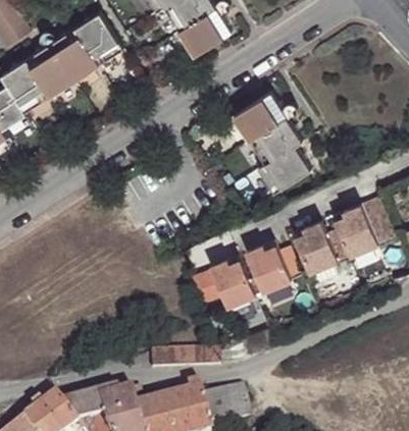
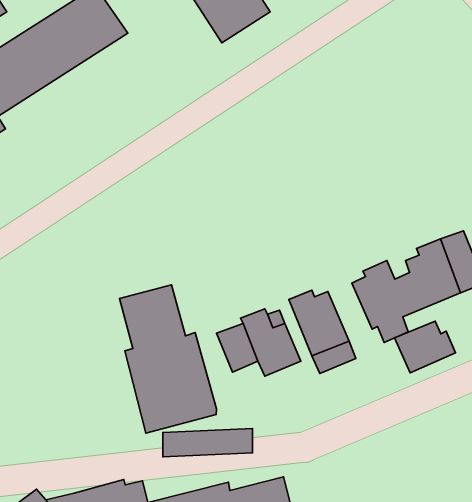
building: [234,90,310,191] -> none
building: none -> [119,285,216,433]
building: none -> [394,321,456,373]

